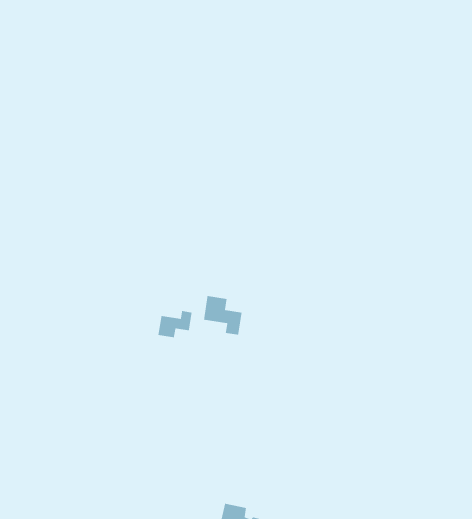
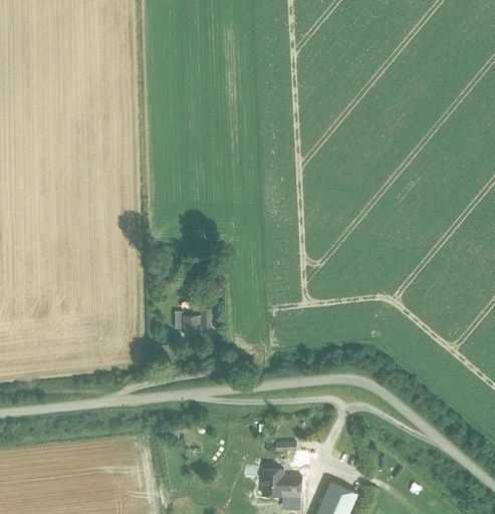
building: [203,295,242,336] -> none

